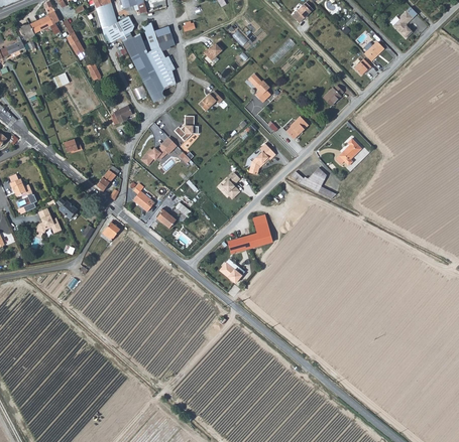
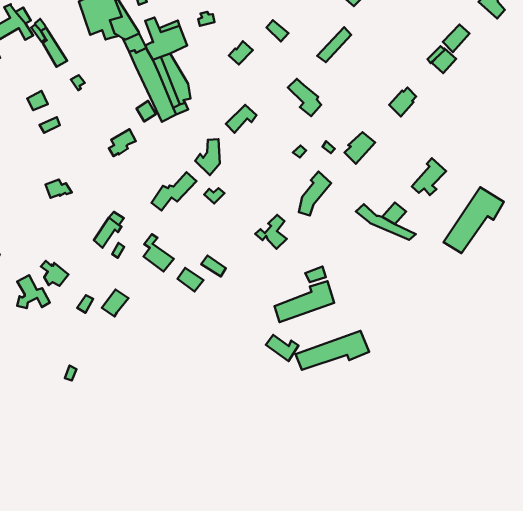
building: none -> [444,187,504,253]
building: none -> [296,331,369,370]

